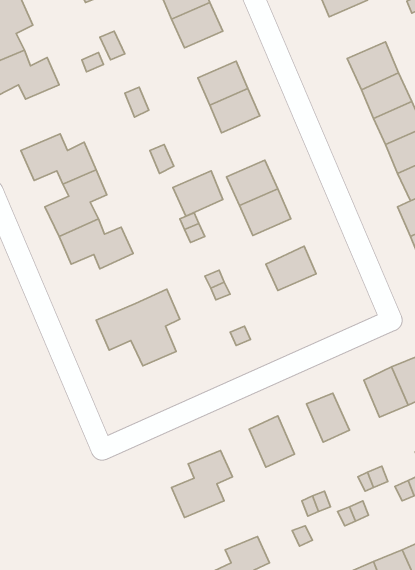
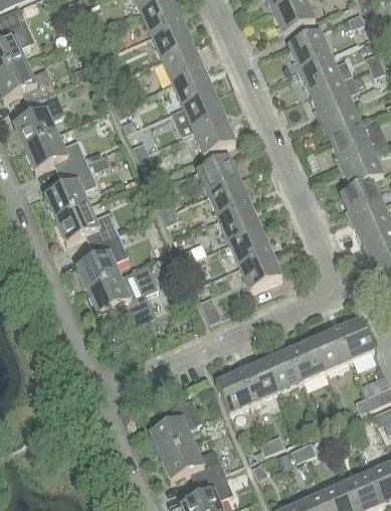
building: none -> [287,29,330,67]
building: none -> [161,44,204,83]
building: none -> [12,90,64,145]
building: [173,171,223,216] -> [192,116,234,154]
building: none -> [218,202,261,240]
building: none -> [75,231,128,288]
building: none -> [239,248,282,288]
building: none -> [285,338,325,380]
building: none -> [239,358,277,400]
building: none -> [161,440,222,481]

